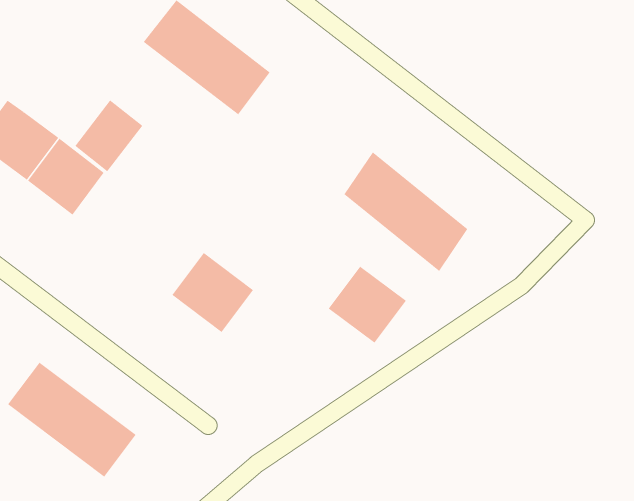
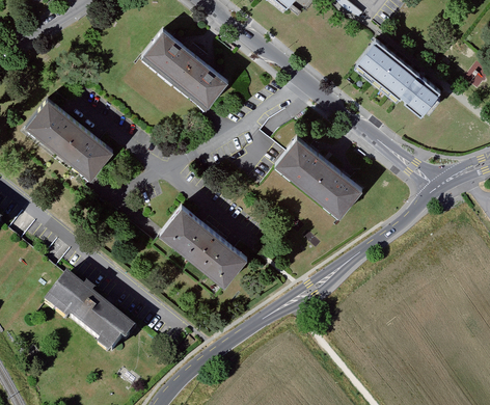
building: none -> [353,41,441,119]
building: [74,100,143,172] -> none
building: [328,266,407,343] -> [193,231,247,284]

